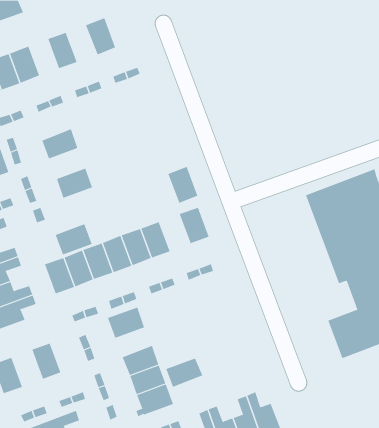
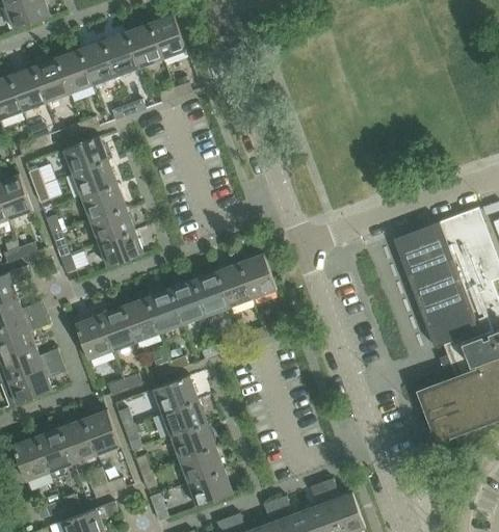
building: none -> [149,15,186,59]
building: none -> [102,32,139,77]
building: none -> [56,49,93,94]
building: none -> [63,136,108,172]
building: none -> [80,182,126,219]
building: [168,166,198,204] -> [215,262,253,308]
building: [55,224,93,255] -> [98,230,143,268]
building: none -> [82,409,121,455]
building: none -> [35,427,73,480]
building: [166,358,203,388] -> [161,400,207,436]

